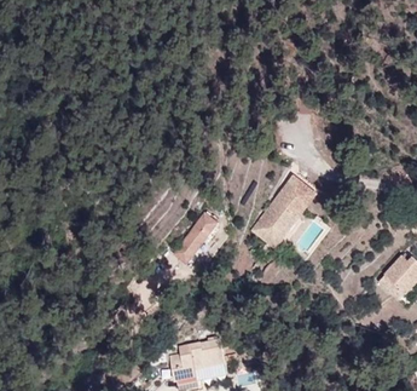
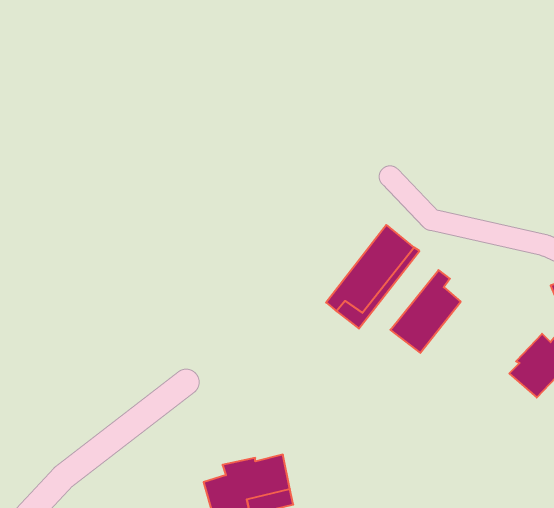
building: [174,206,220,259] -> none
building: none -> [390,270,461,353]

